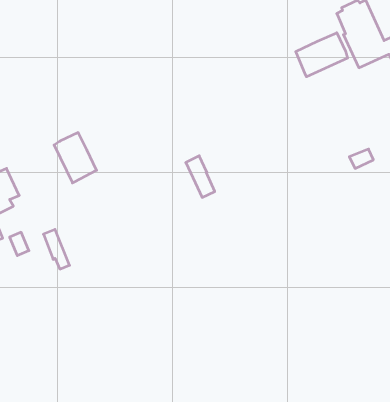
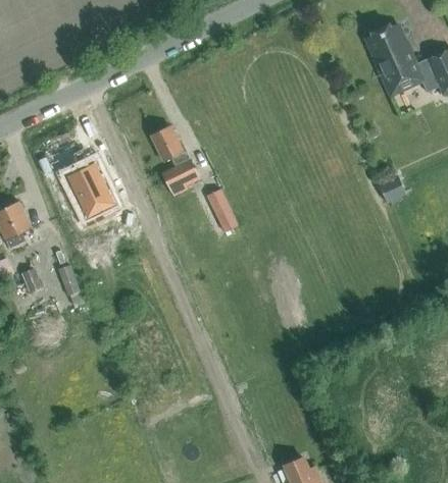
building: [296,33,348,77] -> none
building: none -> [150,125,196,196]

